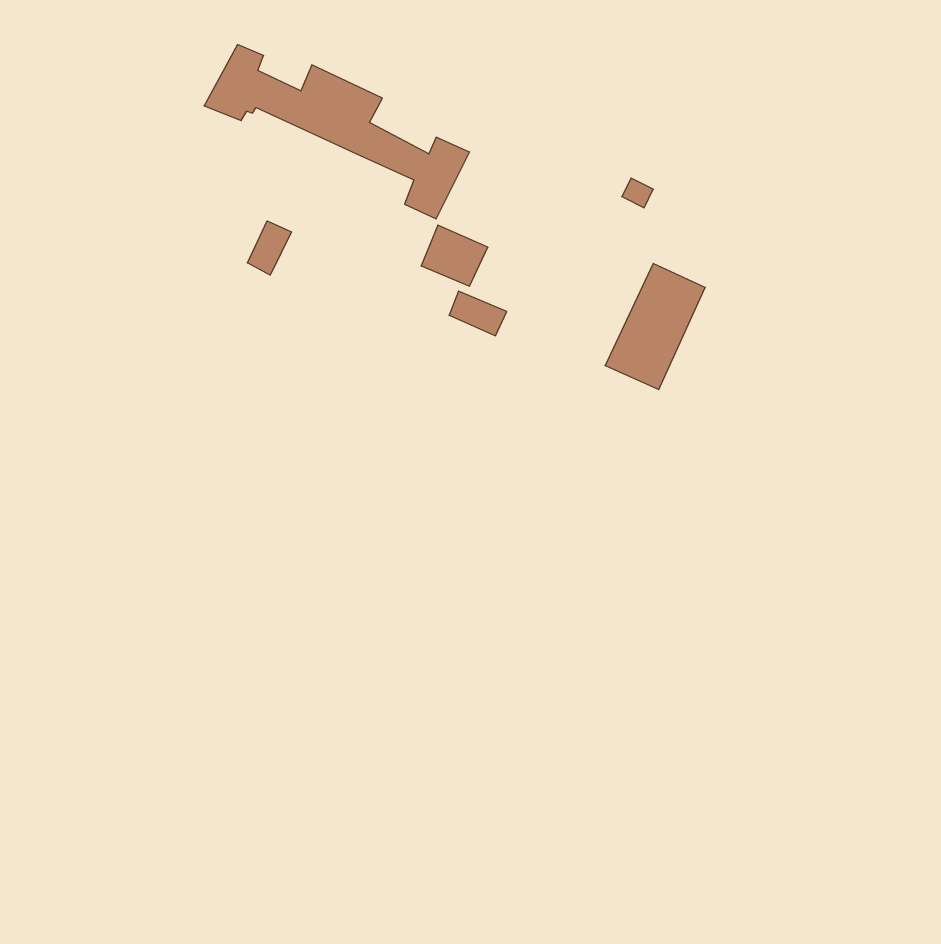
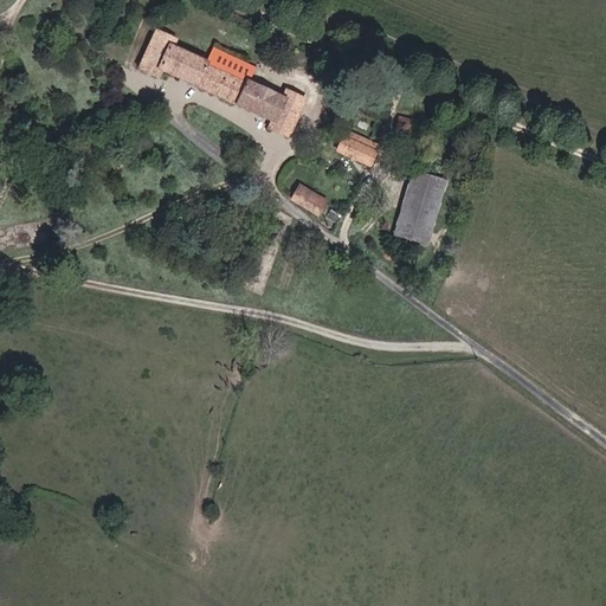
building: [247,221,291,275] -> none
building: [421,225,488,286] -> [339,125,381,165]

